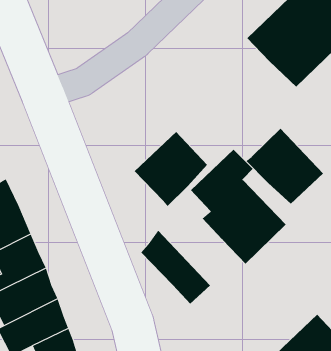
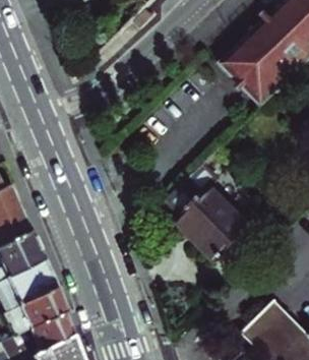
building: [246,128,324,205] -> none
building: [134,131,208,207] -> none
building: [141,230,211,304] -> none

